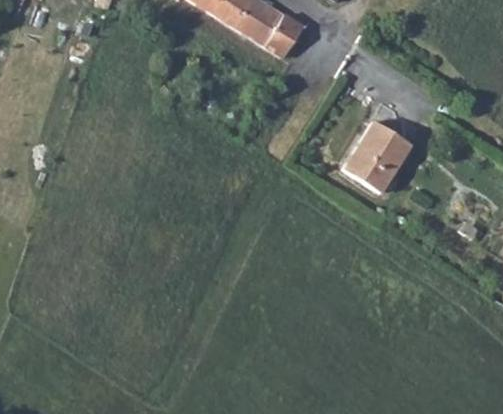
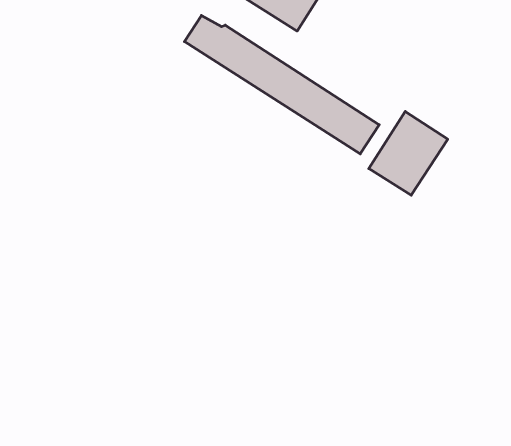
building: none -> [184,15,379,154]

